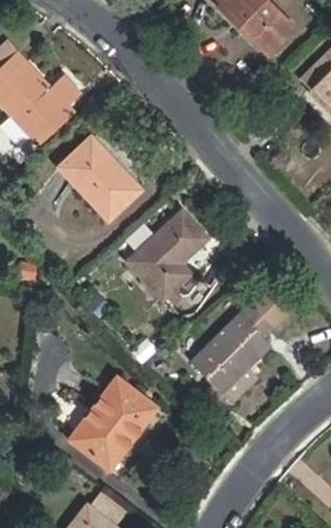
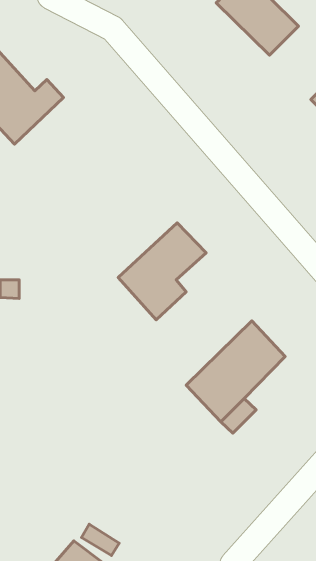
building: [60,136,141,220] -> none
building: [70,376,156,469] -> none

